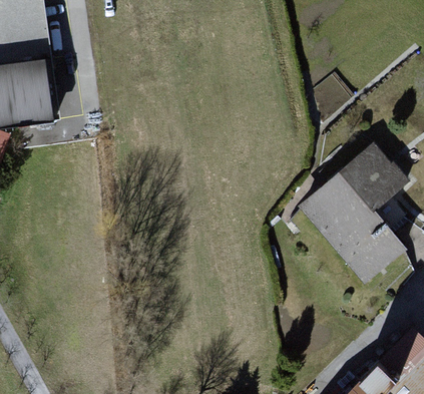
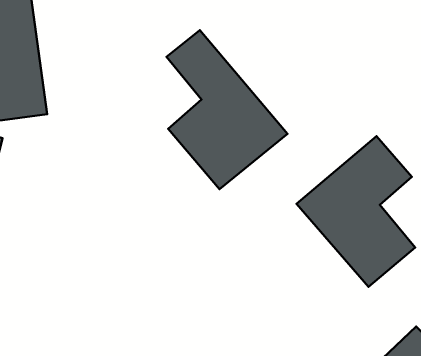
building: none -> [166,30,287,189]

